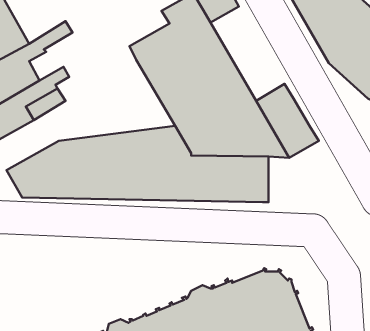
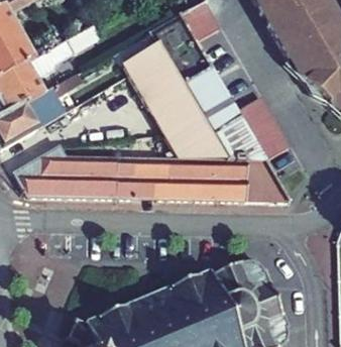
building: none -> [245,160,288,202]

